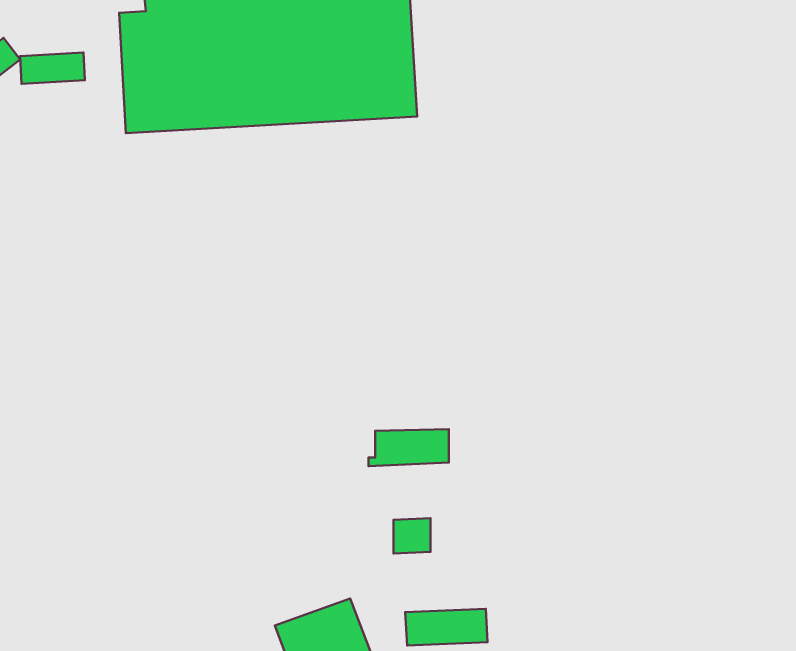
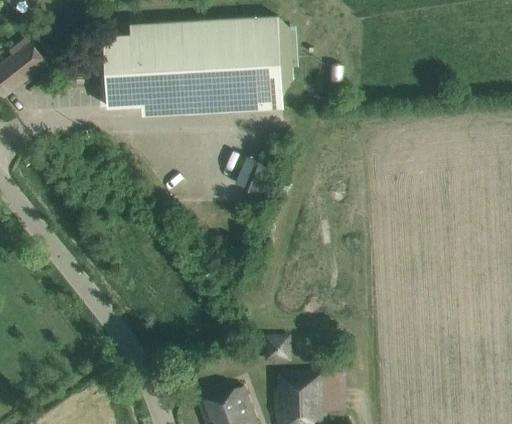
building: [20,53,85,84] -> none
building: [368,429,449,466] -> [276,373,324,395]

